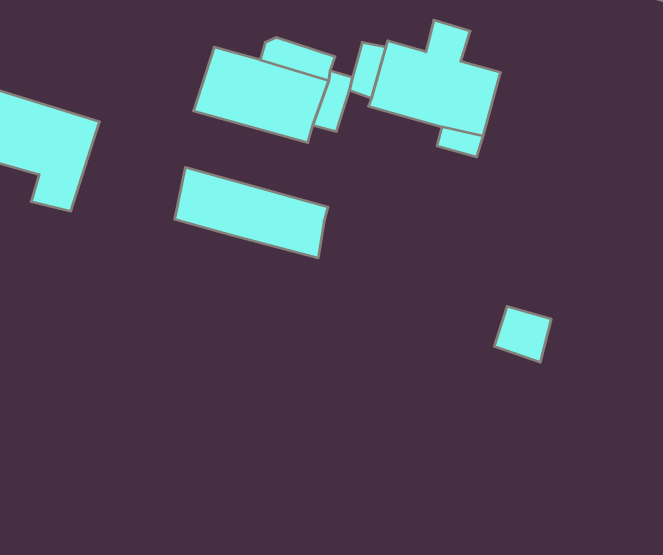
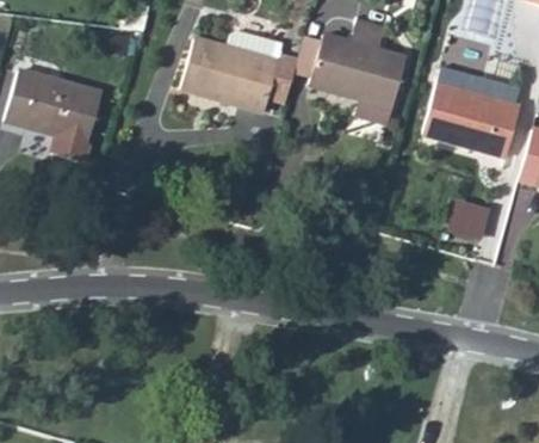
building: none -> [416,80,515,158]
building: [175,167,328,258] -> none
building: [494,306,551,362] -> [448,199,491,241]

